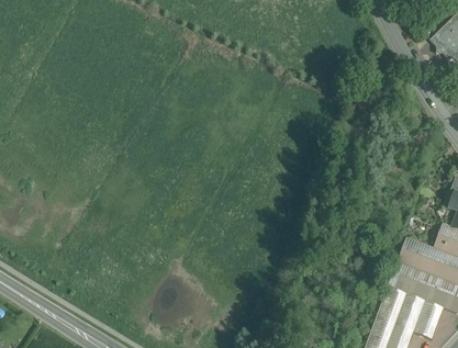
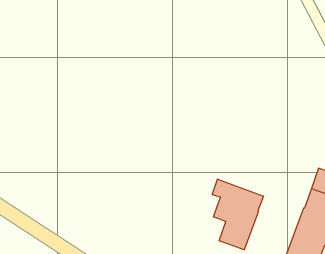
building: none -> [212,179,263,250]

